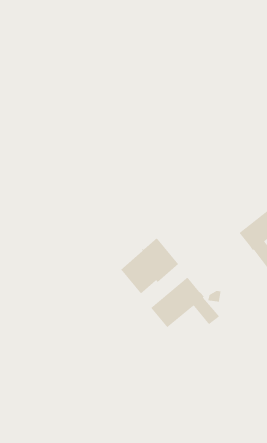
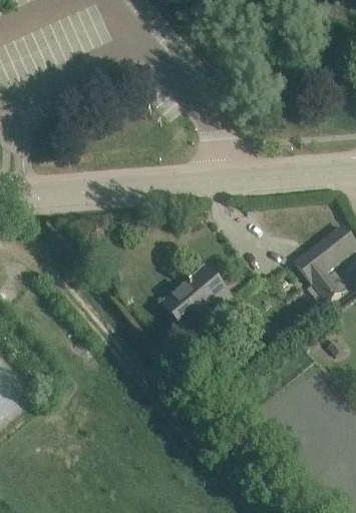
building: [150,277,220,328] -> none

